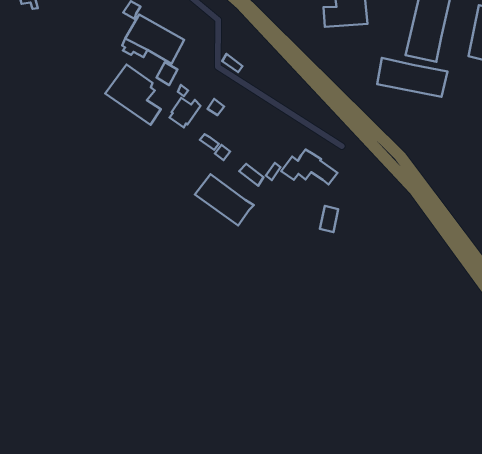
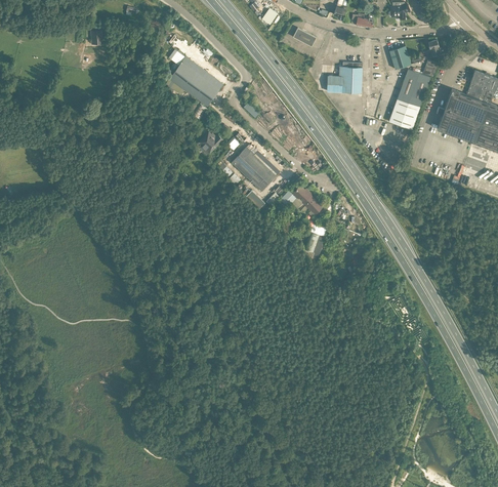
building: [377,58,447,97] -> none
building: [105,65,161,125] -> none
building: [195,174,254,226] -> [232,147,277,190]

